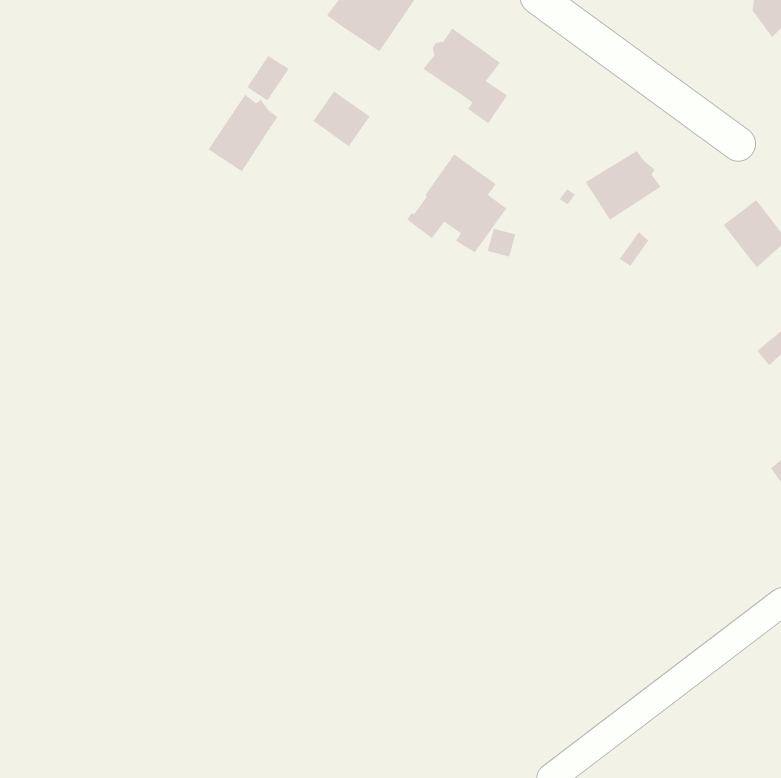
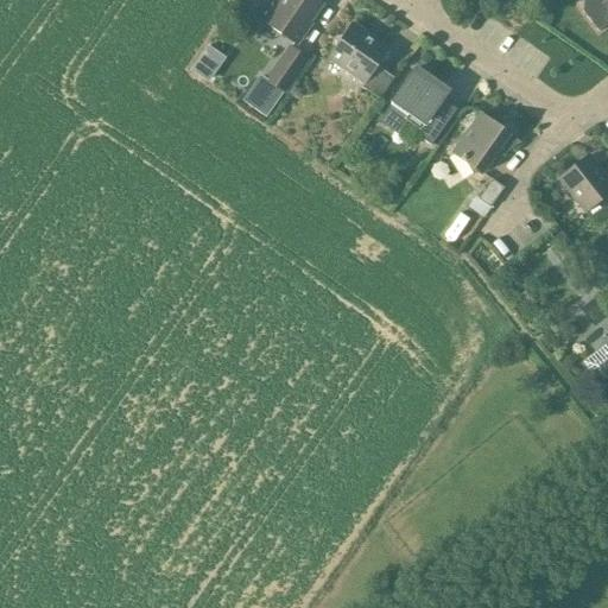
building: none -> [270,44,312,90]
building: [208,94,278,172] -> none
building: [406,153,507,253] -> [379,65,457,142]

